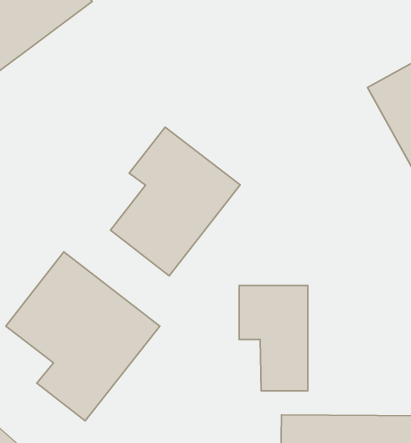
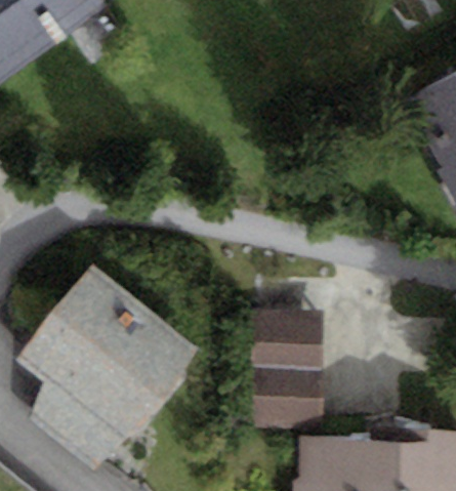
building: [110,127,240,276] -> none

